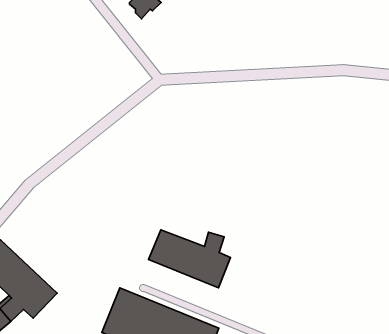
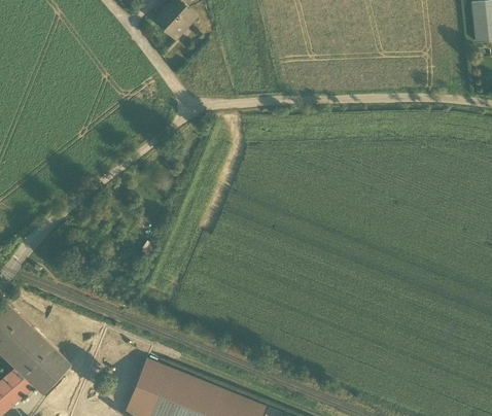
building: [149,230,230,288] -> none

